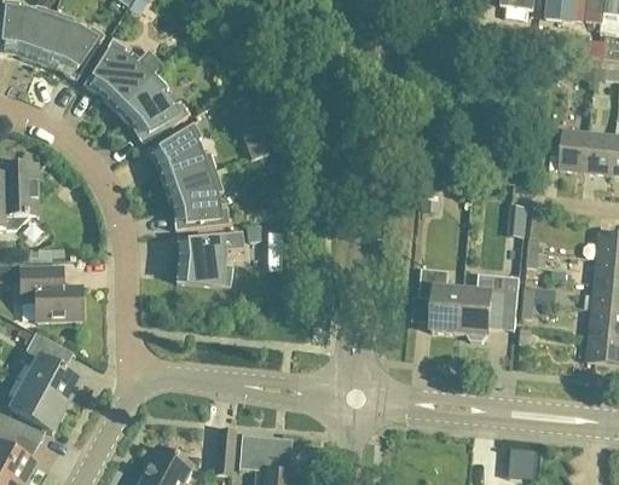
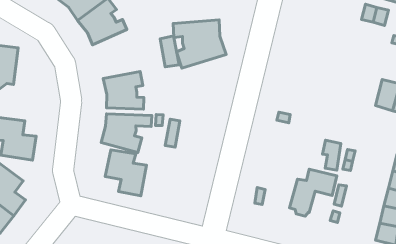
building: none -> [173,20,226,68]
building: [146,122,215,189] -> none
building: [418,269,463,333] -> none
building: none -> [105,150,147,196]

